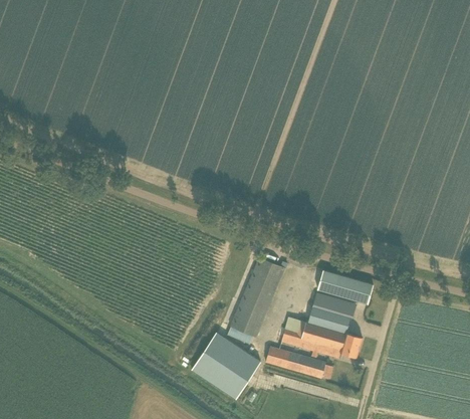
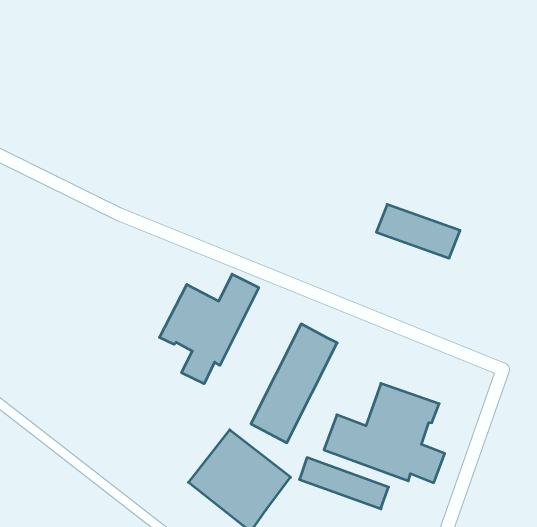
building: none -> [159,274,259,384]
building: [316,270,373,303] -> [376,204,460,258]

